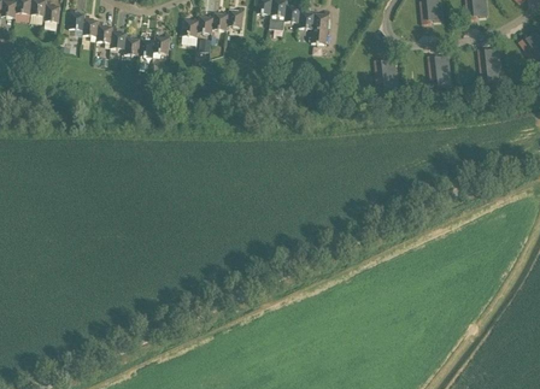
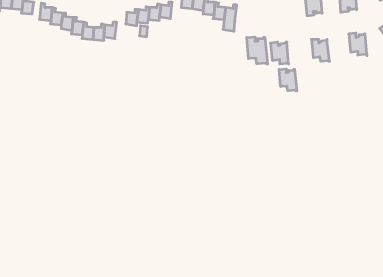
building: none -> [247,37,268,64]
building: none -> [279,69,297,91]

